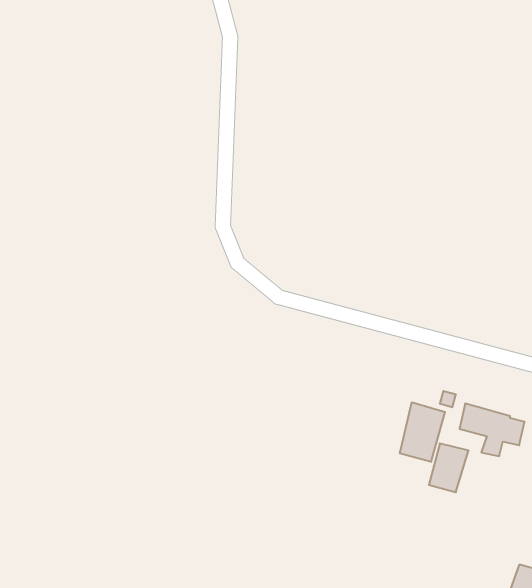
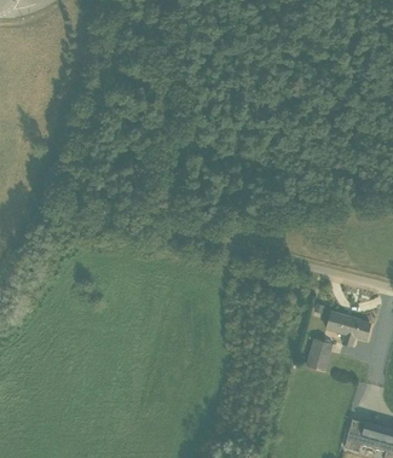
building: [400,402,445,462] -> none

